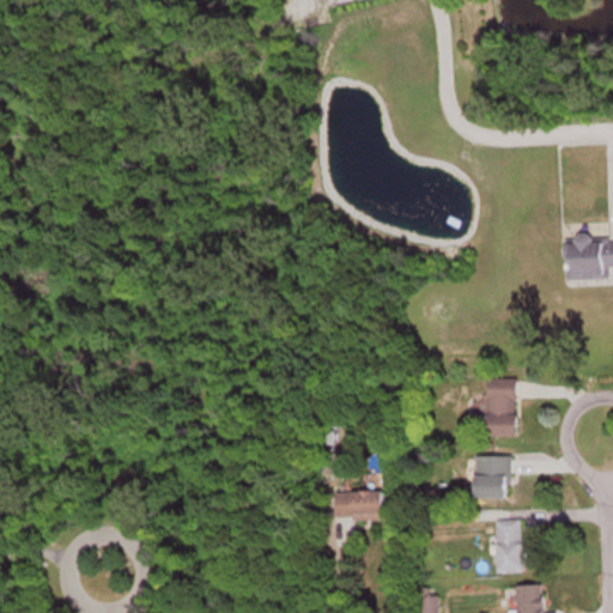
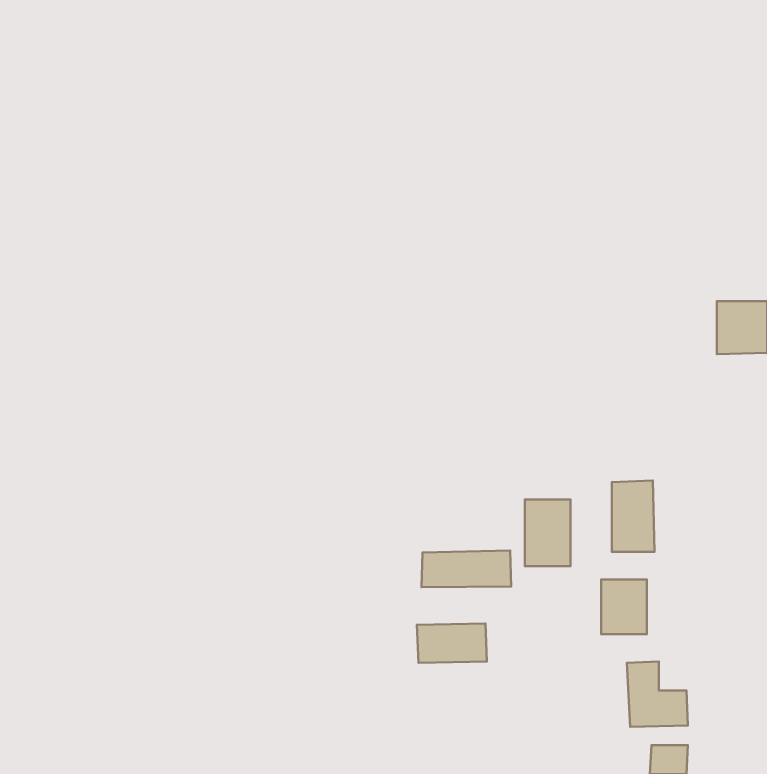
building: none -> [525,499,570,566]
building: none -> [421,550,511,587]

